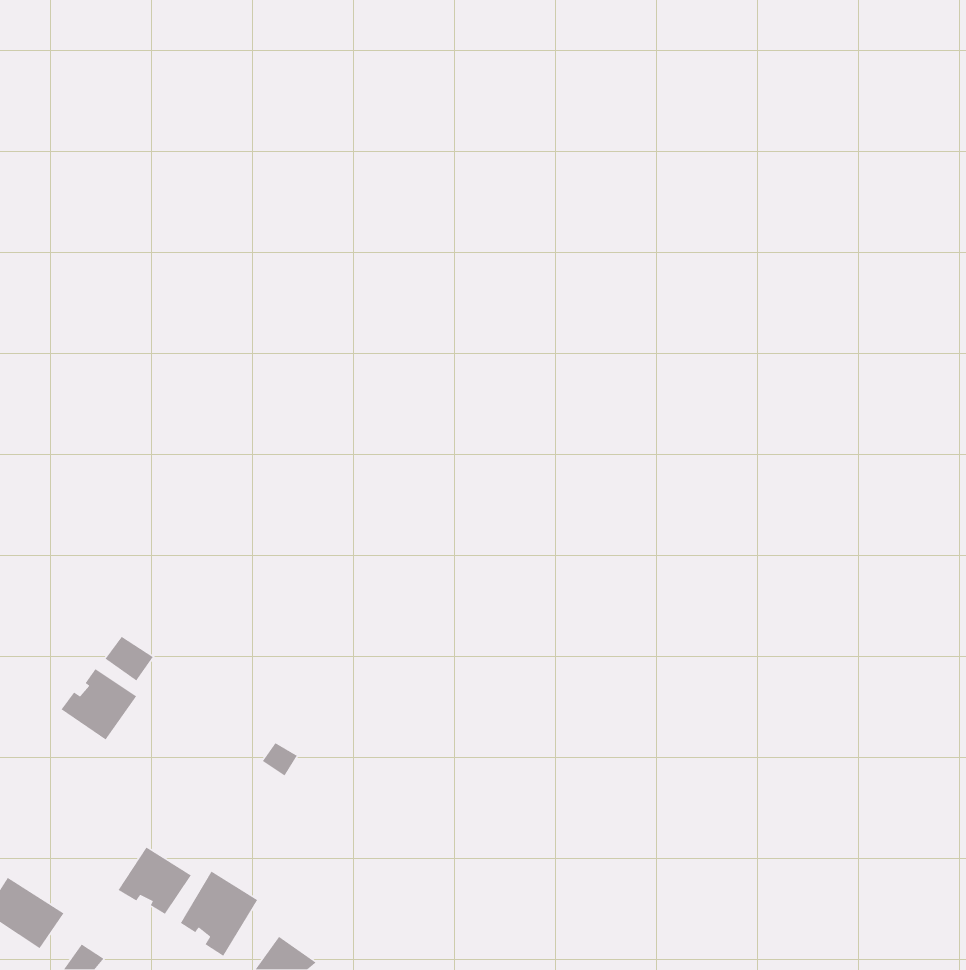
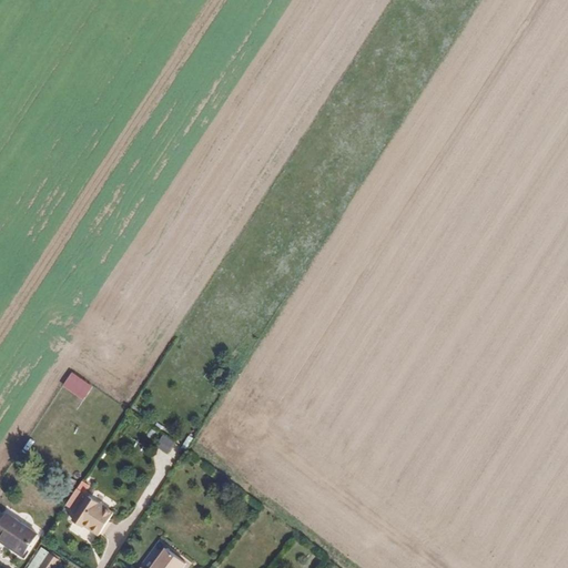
building: [60,668,137,740] -> none
building: [180,871,258,957] -> none

